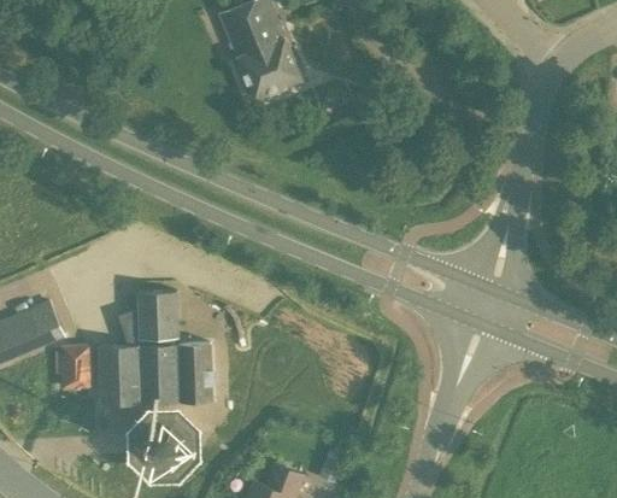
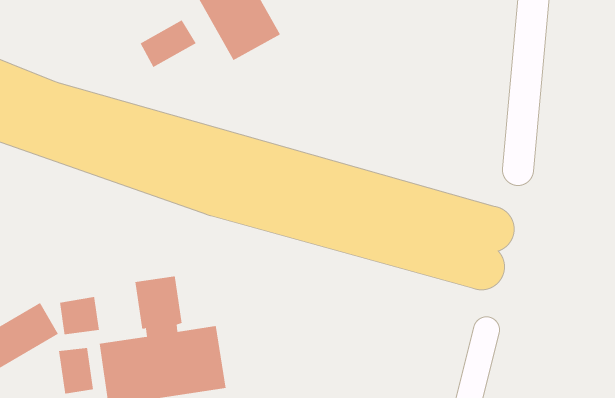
building: none -> [140,19,197,68]
building: none -> [59,296,100,335]

